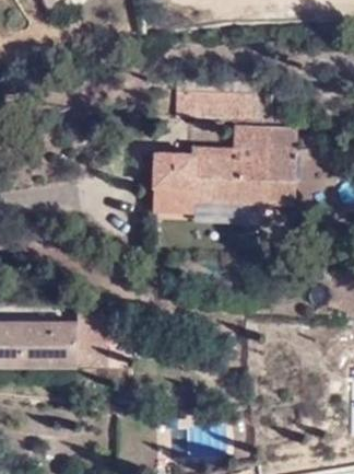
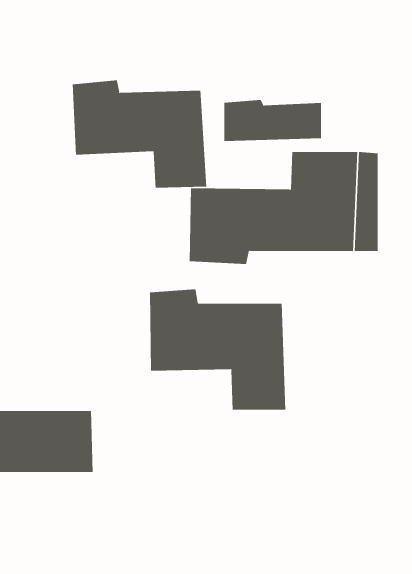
building: none -> [72,80,207,189]
building: none -> [149,289,286,411]

